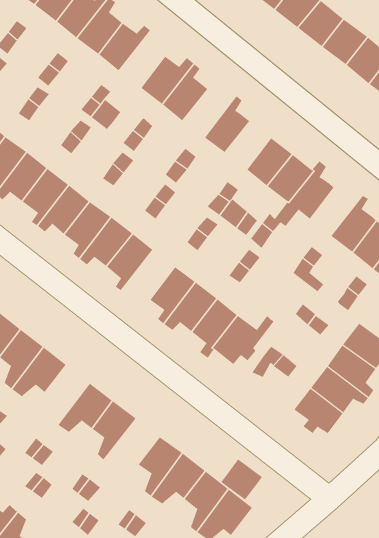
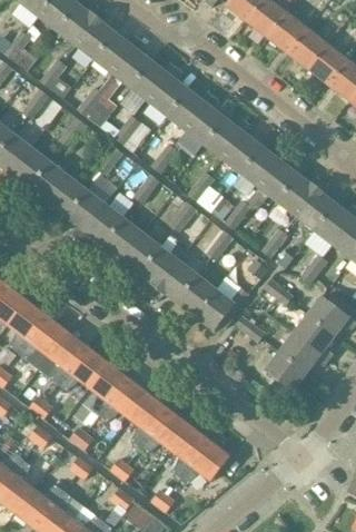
building: none -> [111,39,151,89]
building: none -> [167,90,214,132]
building: none -> [204,118,250,160]
building: none -> [278,176,324,218]
building: none -> [113,230,160,274]
building: none -> [38,331,86,383]
building: none -> [98,377,147,421]
building: [220,459,263,500] -> none

